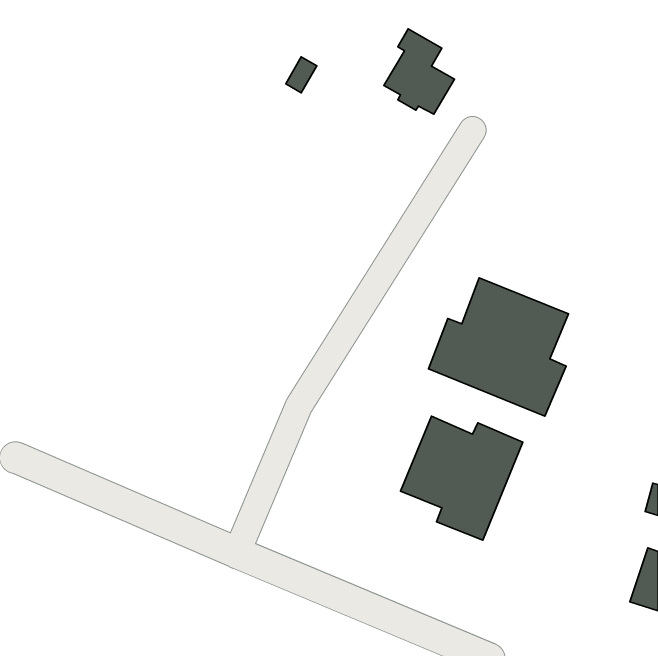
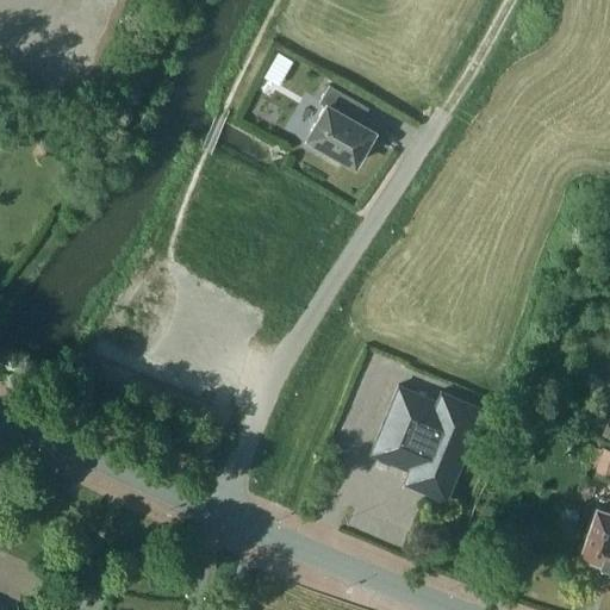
building: [384,29,455,114] -> [309,87,374,166]
building: [429,278,568,416] -> none

